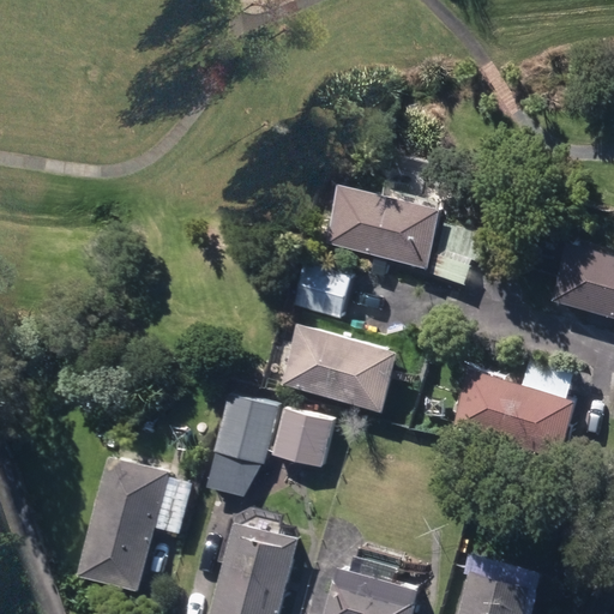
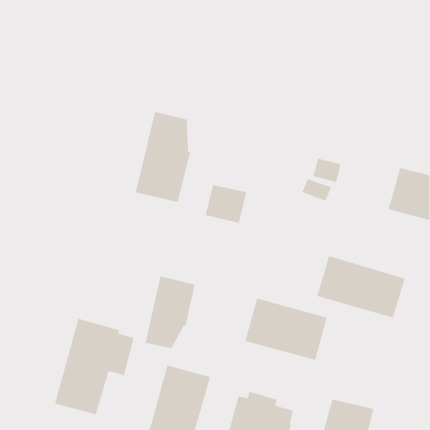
building: none -> [135,111,191,203]
building: [326,183,439,269] -> none
building: [278,323,396,411] -> [245,298,328,361]
building: [272,409,331,468] -> none

